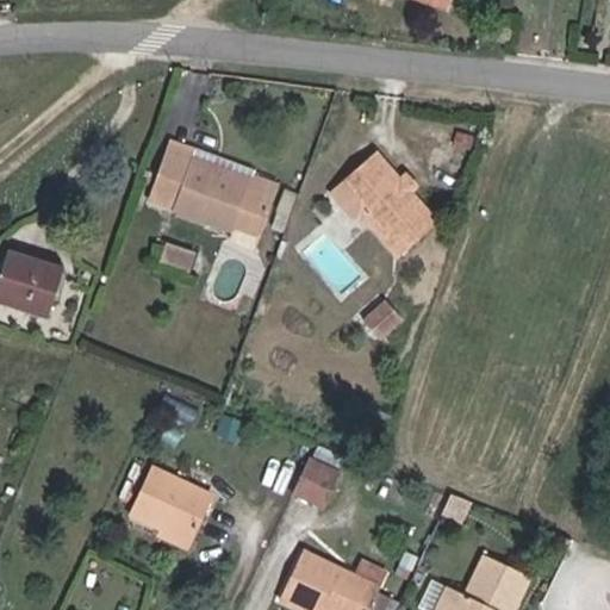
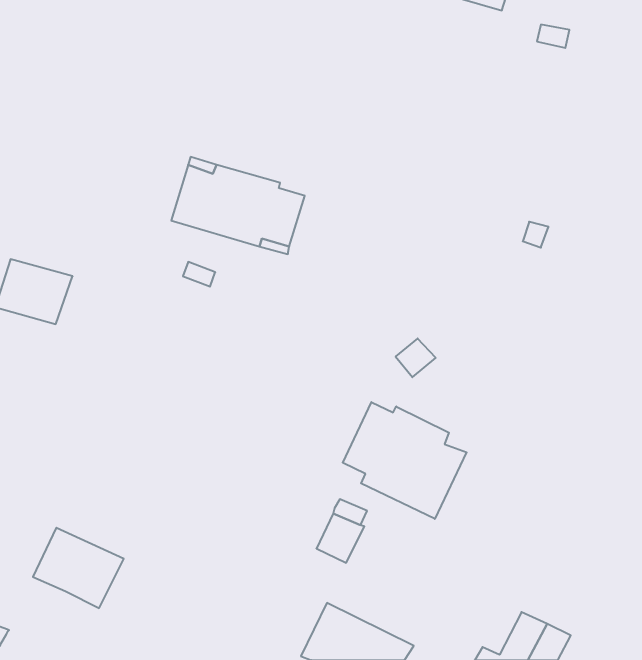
building: [348,164,435,262] -> none
building: none -> [343,402,467,519]
building: [130,471,213,544] -> [33,528,124,608]

